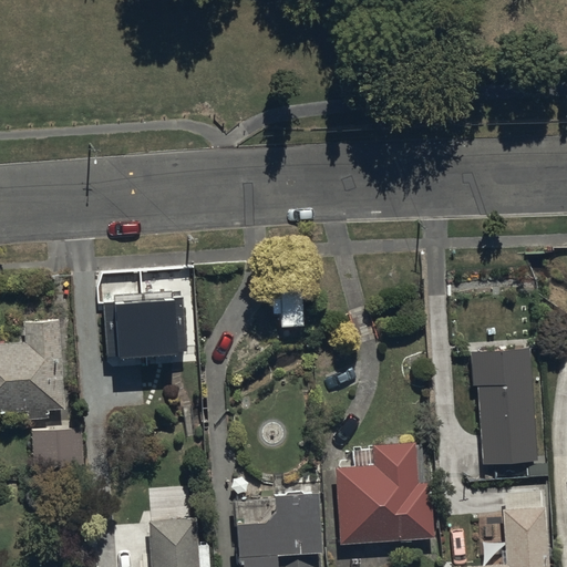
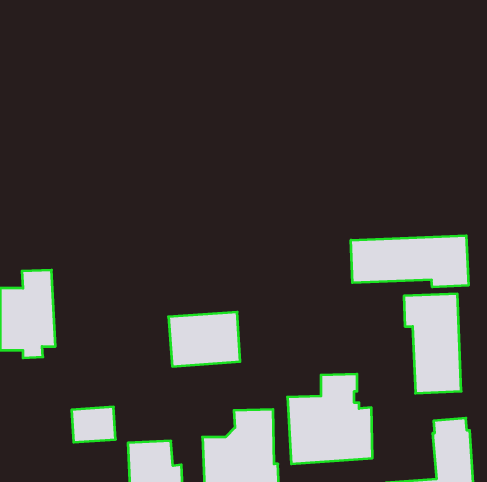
building: none -> [351,236,468,287]
building: [104,303,187,367] -> [168,312,240,366]
building: [33,433,84,474] -> [72,407,116,442]

